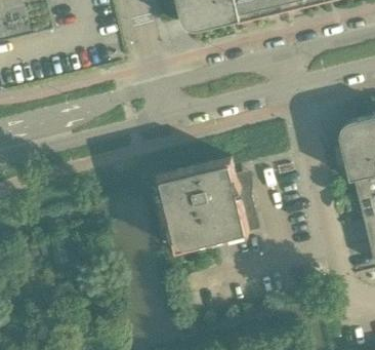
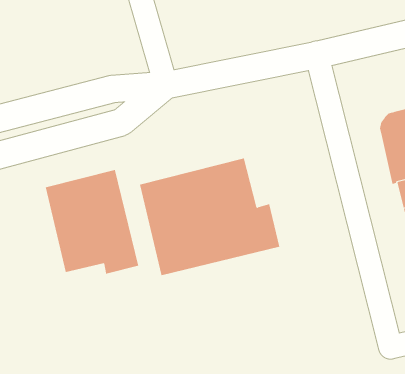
building: none -> [45,169,139,275]

